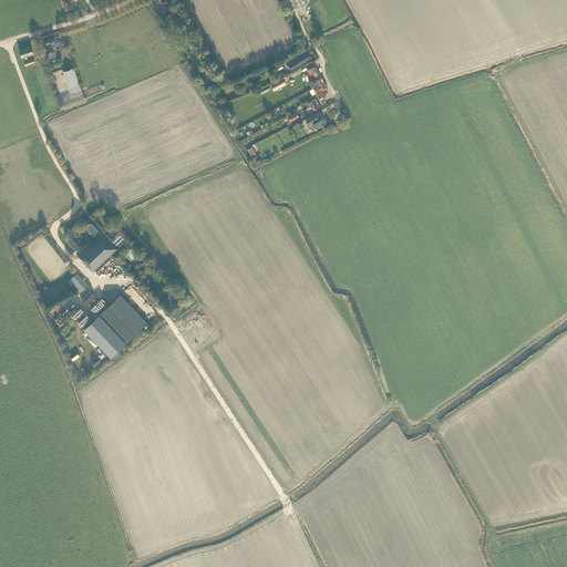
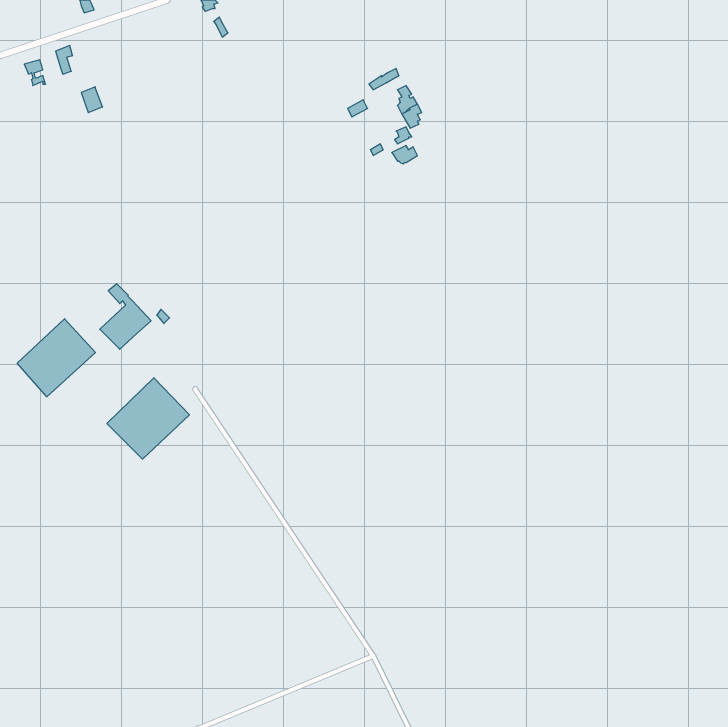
building: none -> [17,319,95,397]

